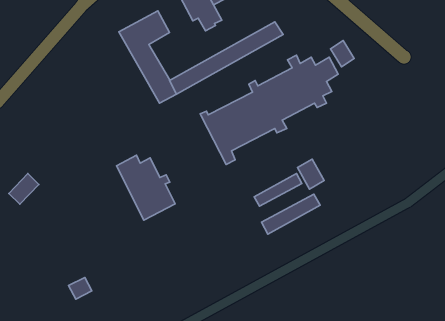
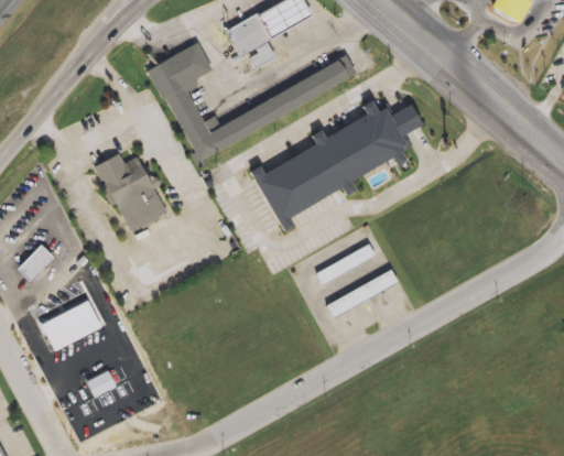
building: [330,41,354,67] -> none
building: [117,155,175,220] -> [97,152,169,231]
building: [298,159,324,189] -> none
building: none -> [43,303,104,355]

